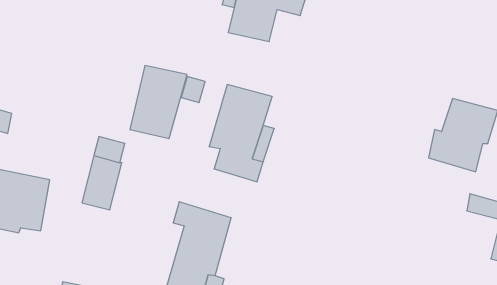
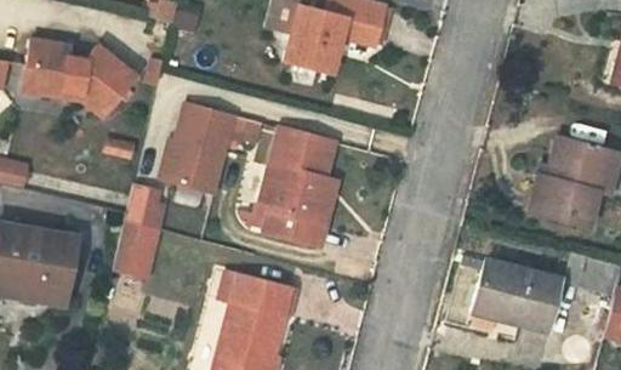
building: none -> [23,41,125,119]
building: none -> [475,262,557,330]

